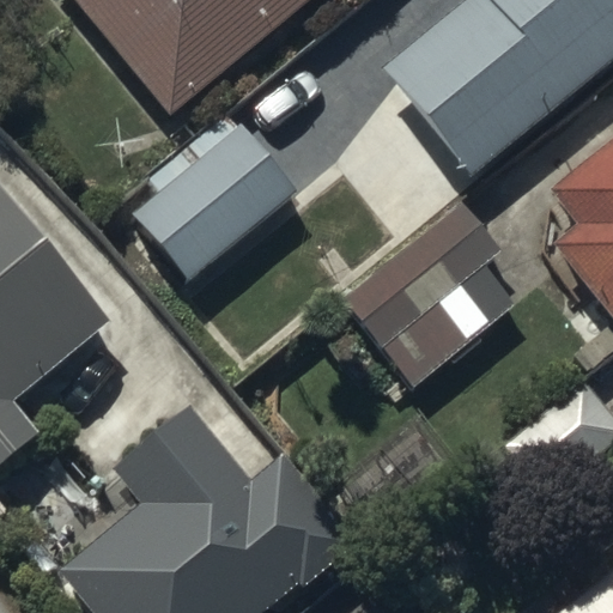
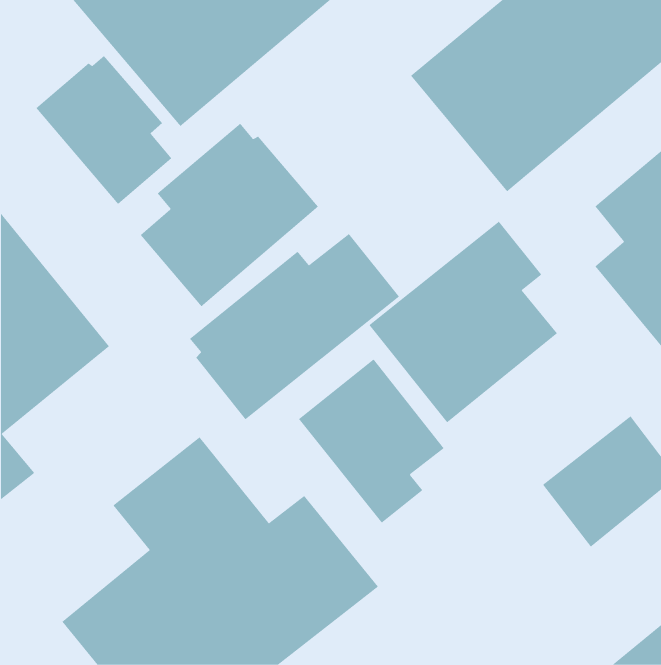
building: none -> [36,55,172,205]
building: none -> [189,233,400,420]
building: none -> [298,359,444,524]

